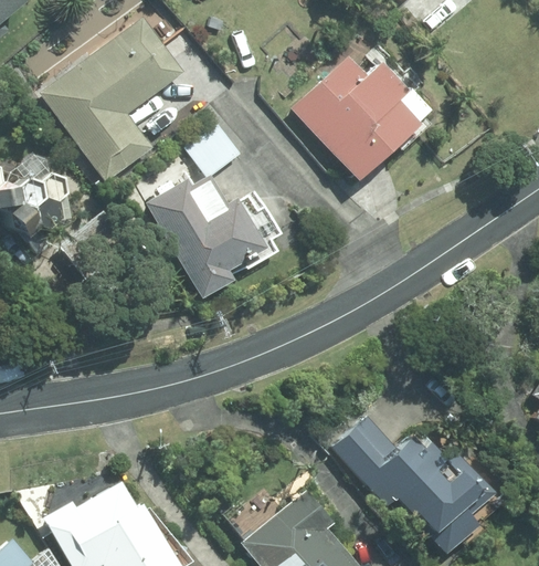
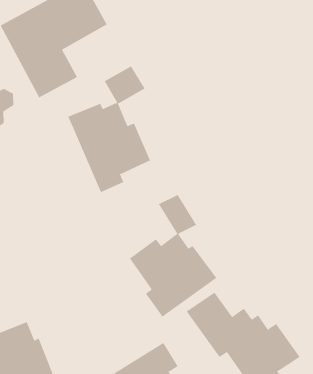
building: [292,56,416,180] -> none
building: none -> [129,194,217,318]

